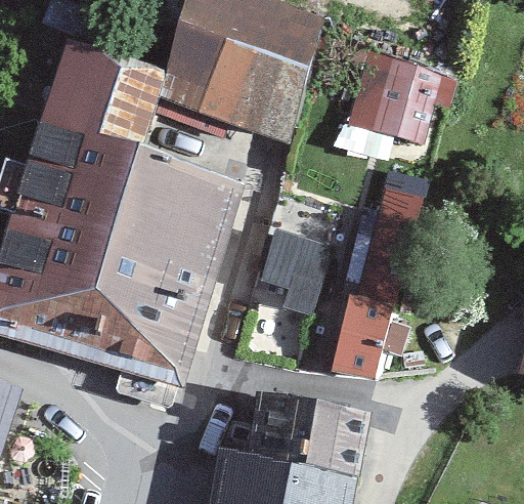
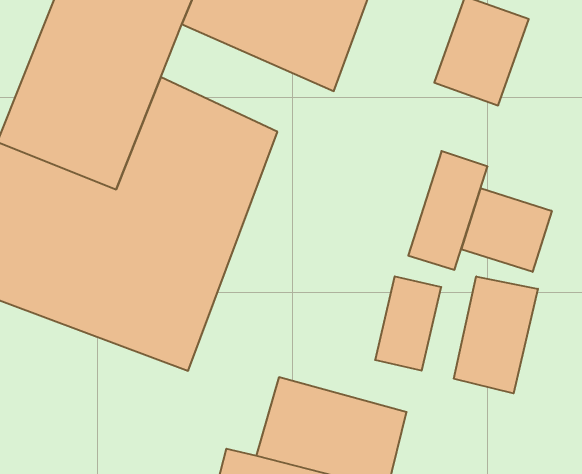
building: none -> [462,188,552,272]
building: [250,228,337,321] -> none
building: none -> [454,276,538,393]

